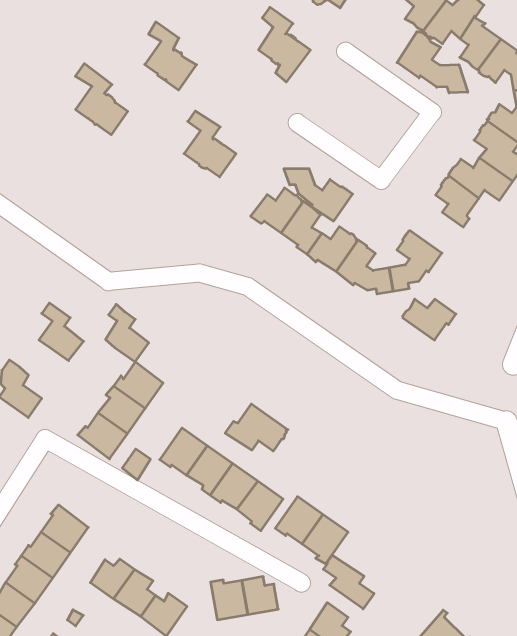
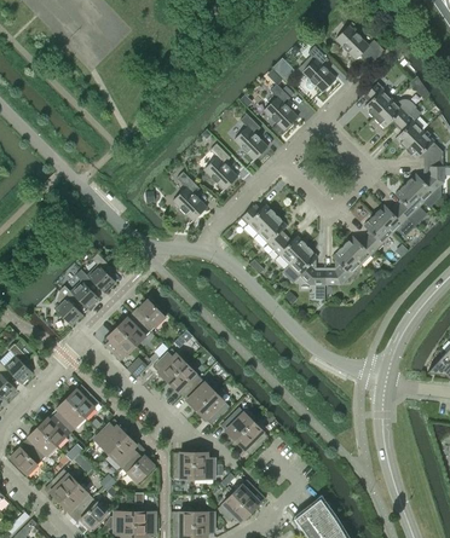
building: [145,22,197,90] -> [233,114,267,161]
building: [397,32,468,93] -> none
building: [75,64,128,135] -> [172,172,206,221]
building: [284,169,353,221] -> none
building: [403,299,456,340] -> [342,236,377,265]
building: [106,304,149,362] -> [71,270,99,310]
building: [225,404,288,451] -> none
building: [323,556,374,609] -> none

